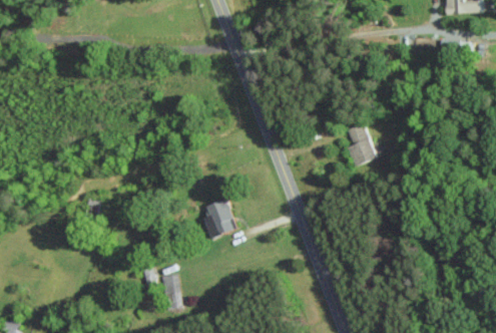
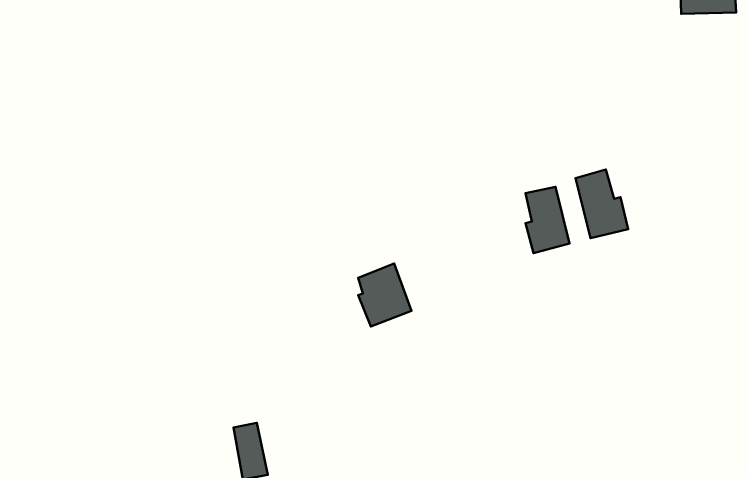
building: none -> [575,169,628,238]
building: [202,198,236,238] -> [358,264,412,326]

